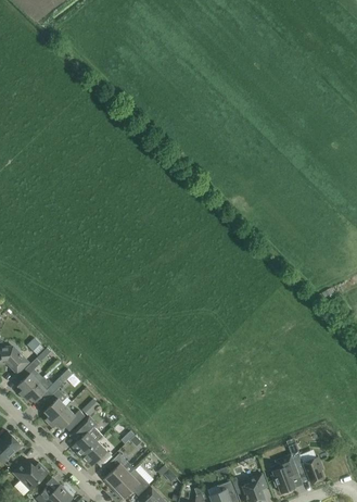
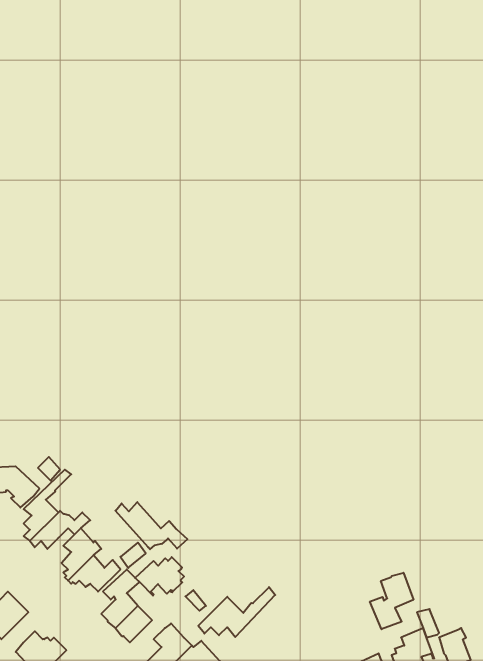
building: none -> [115,502,187,549]
building: none -> [135,557,184,596]
building: none -> [370,573,413,629]
building: none -> [198,587,275,637]

